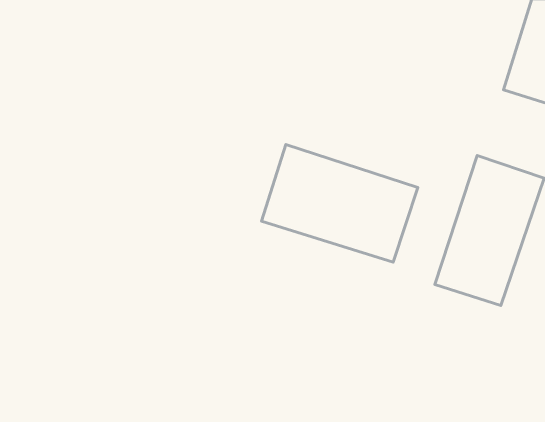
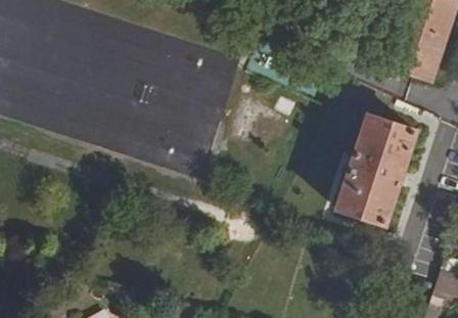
building: [261,145,418,262] -> none

